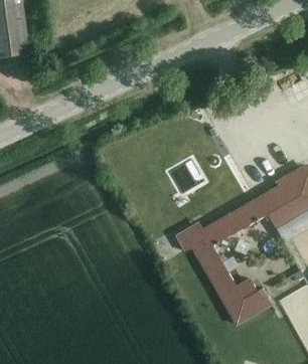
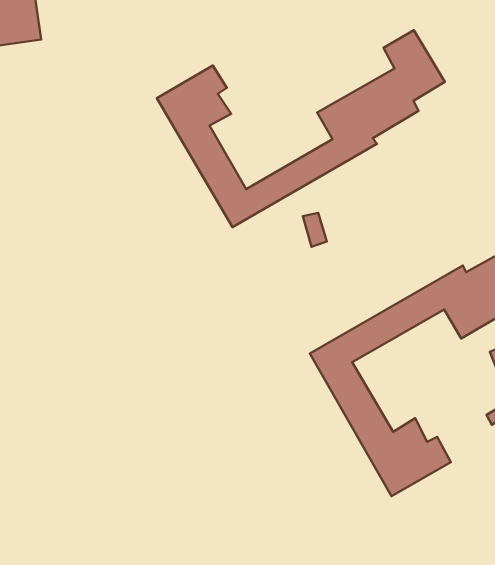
building: none -> [157,30,445,227]

